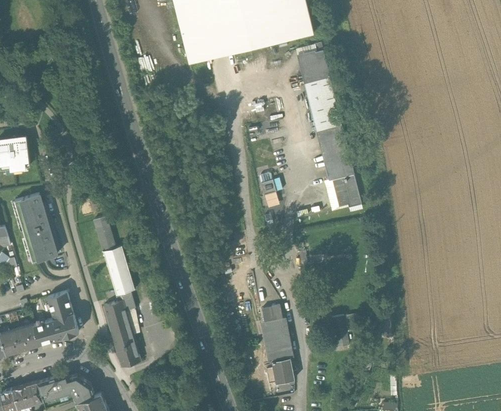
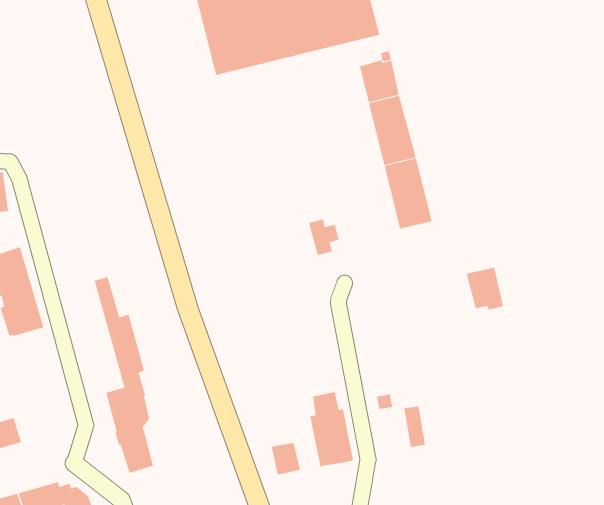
building: [332,175,361,208] -> [466,267,504,310]
building: [34,292,79,344] -> none
building: [272,359,295,384] -> [271,443,301,475]

